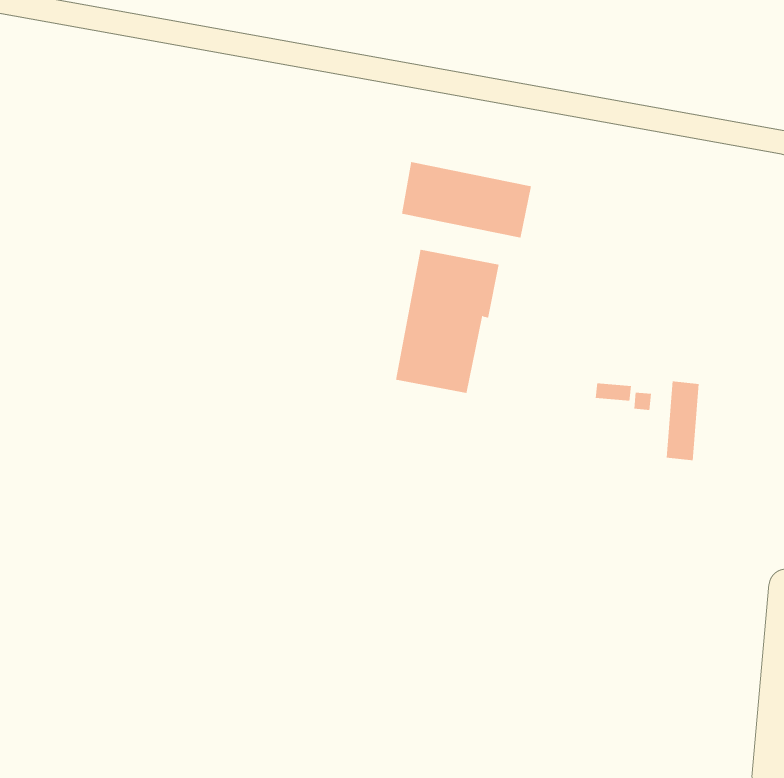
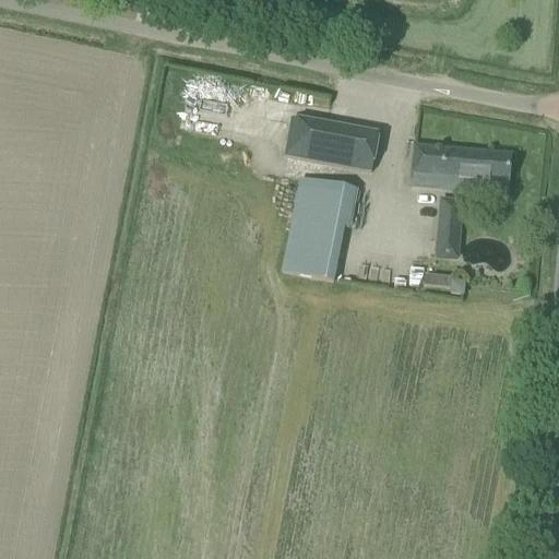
building: none -> [412,144,510,186]
building: [666,381,700,461] -> [438,201,462,258]

